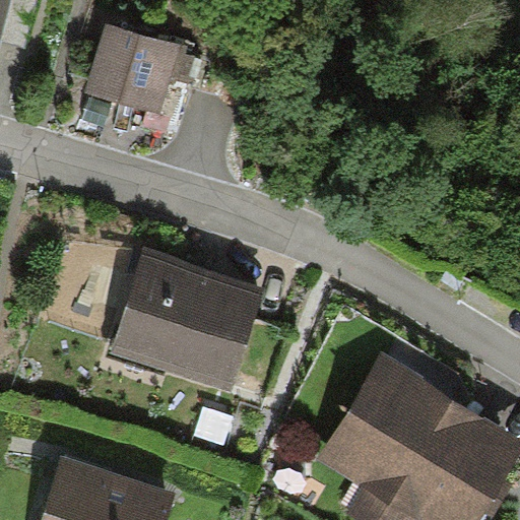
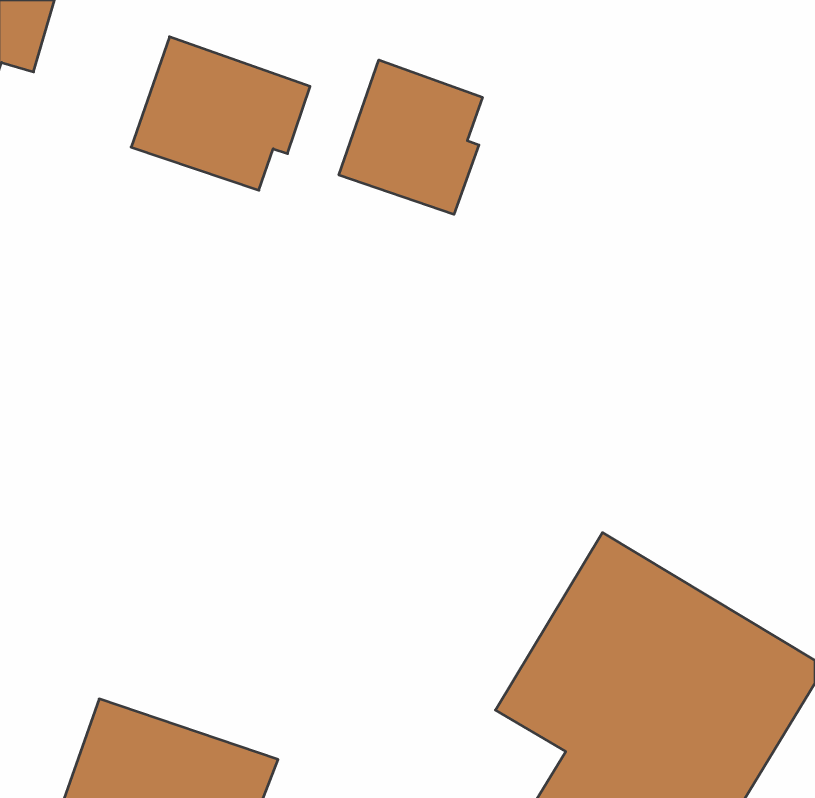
building: none -> [339,60,482,214]
building: [115,252,254,383] -> none

